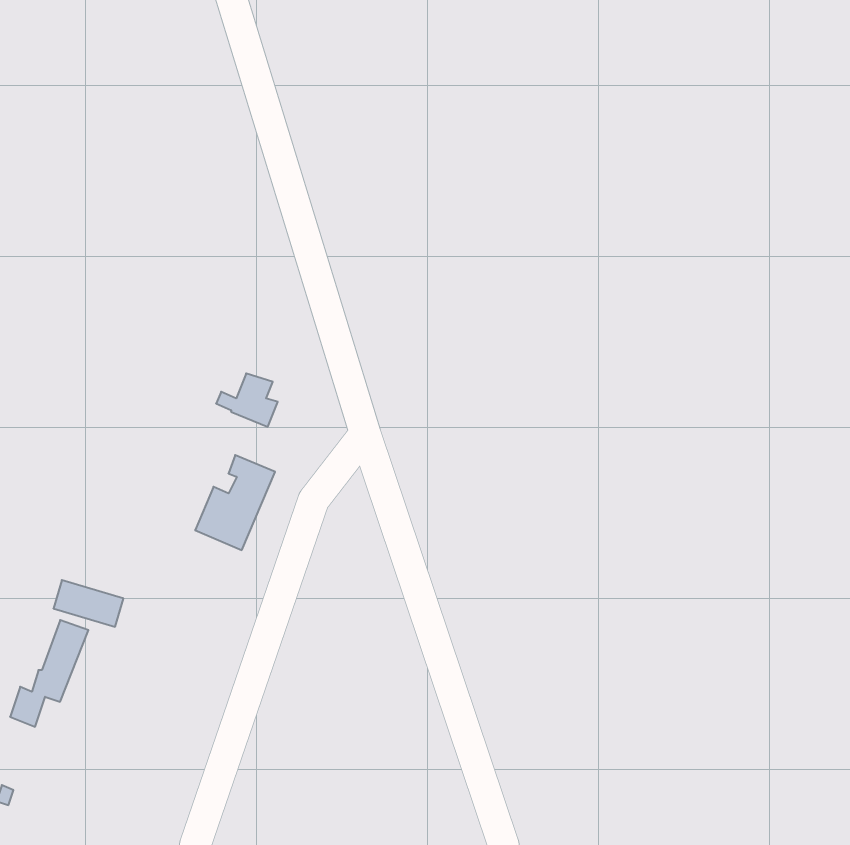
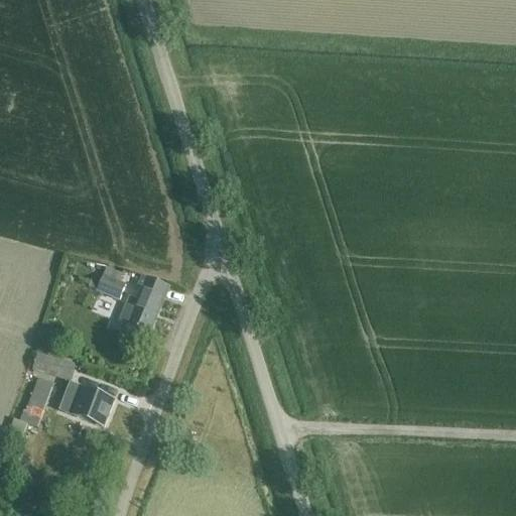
building: [216,373,278,427] -> [88,265,125,297]
building: none -> [62,385,112,424]

